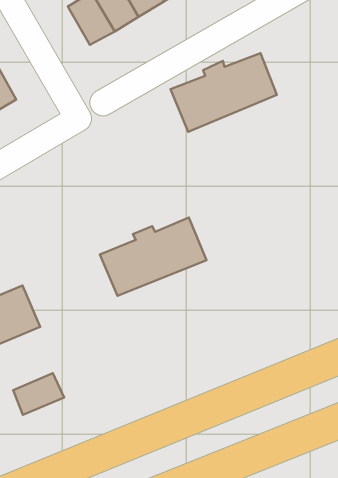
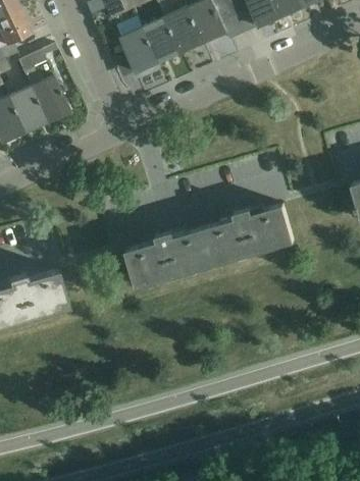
building: [170,53,277,132] -> [204,204,294,264]
building: [13,373,64,415] -> none

